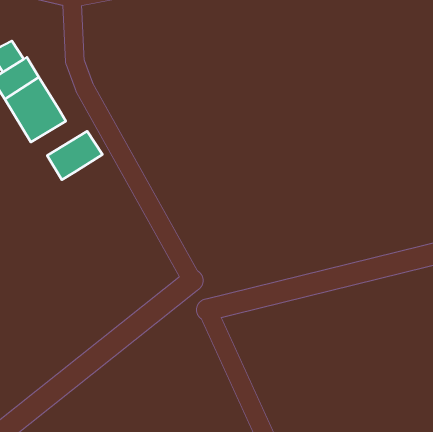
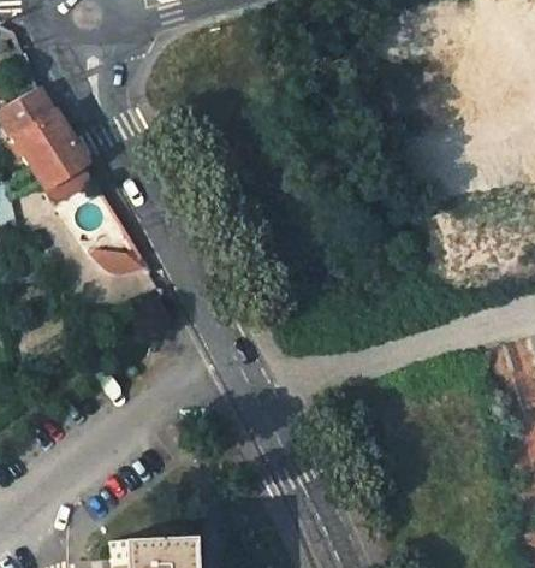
building: [47,131,102,180] -> none

